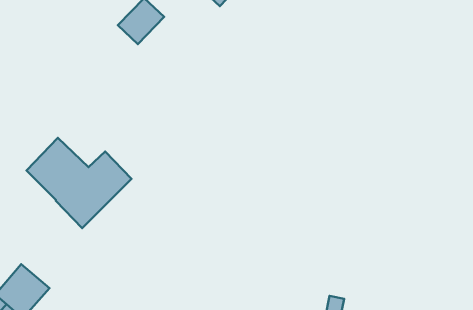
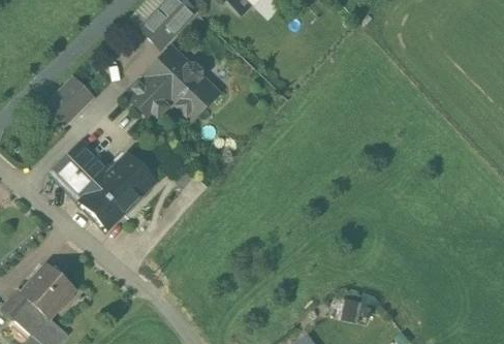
building: none -> [126,49,218,123]
building: none -> [48,79,92,123]

